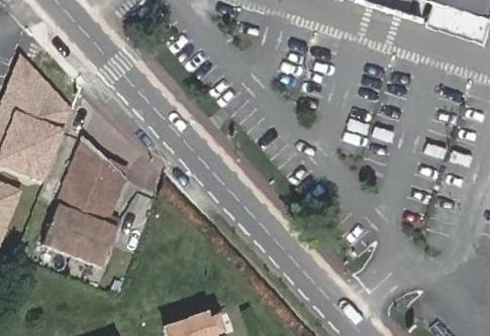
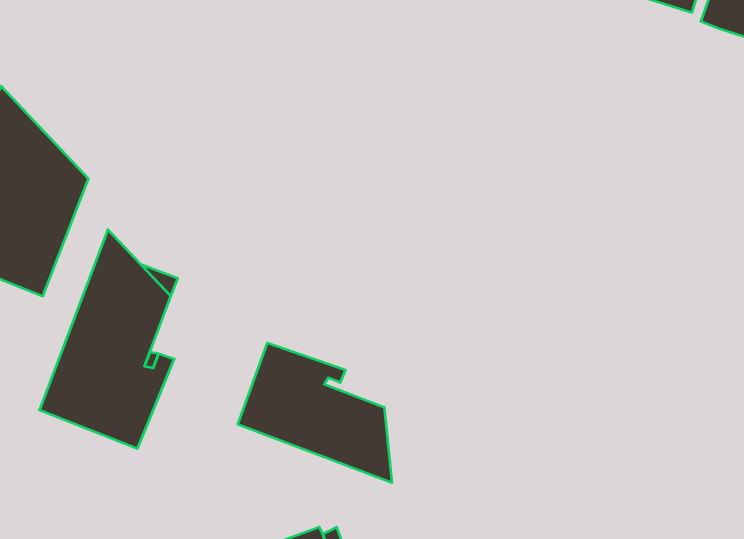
building: none -> [238,343,392,483]

